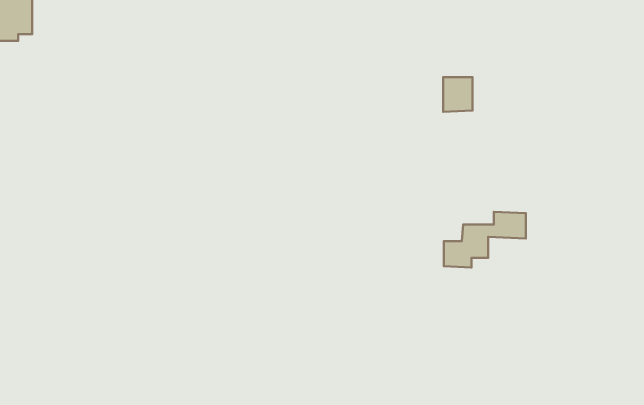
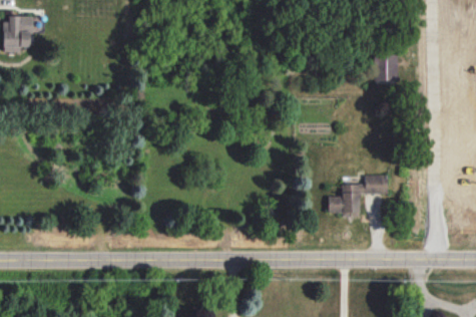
building: [443,77,472,112] -> [376,56,397,81]

